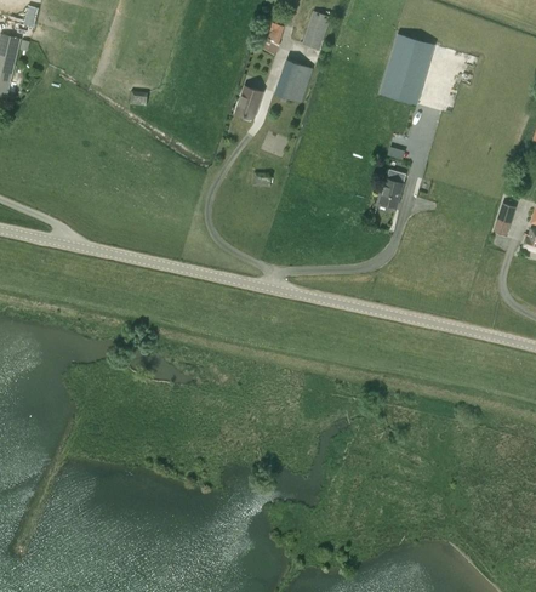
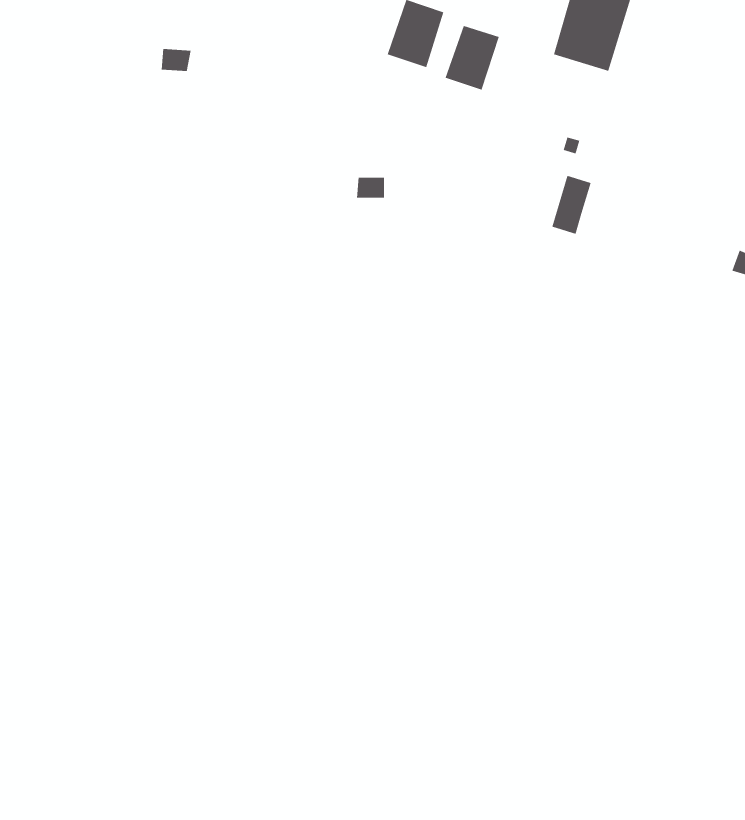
building: none -> [445,25,499,91]
building: [235,85,262,119] -> none

